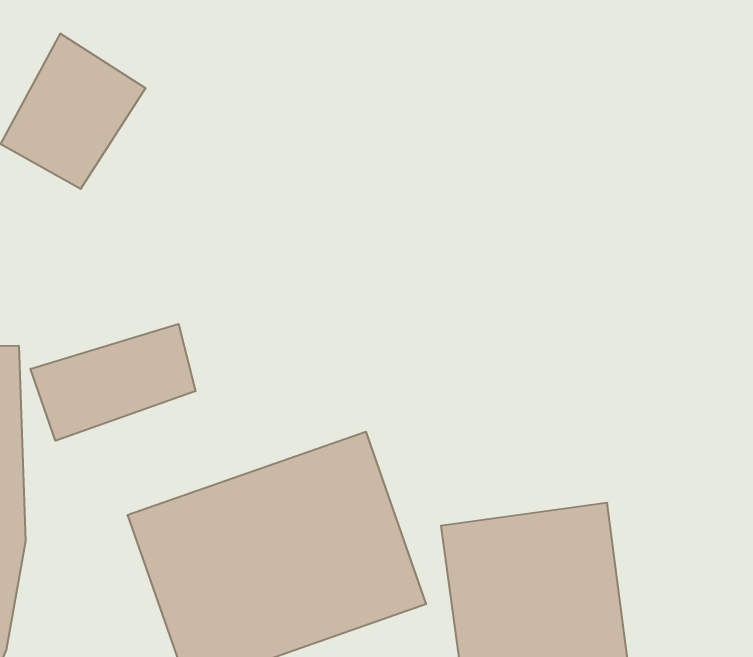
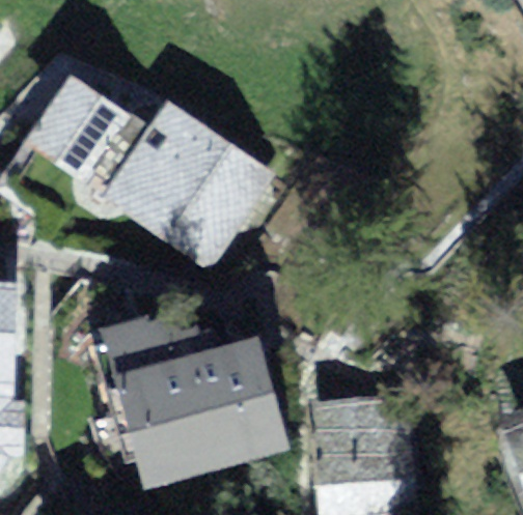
building: none -> [97,91,271,261]
building: [30,324,196,441] -> none

